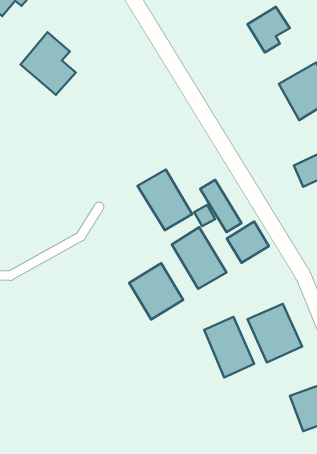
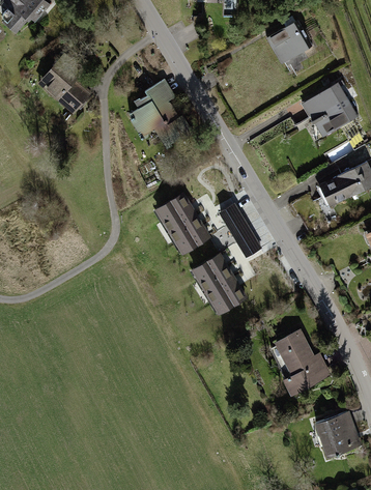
building: none -> [126,79,194,150]
building: [227,222,269,263] -> none
building: [129,263,183,320] -> none
building: [204,317,254,378] -> none

